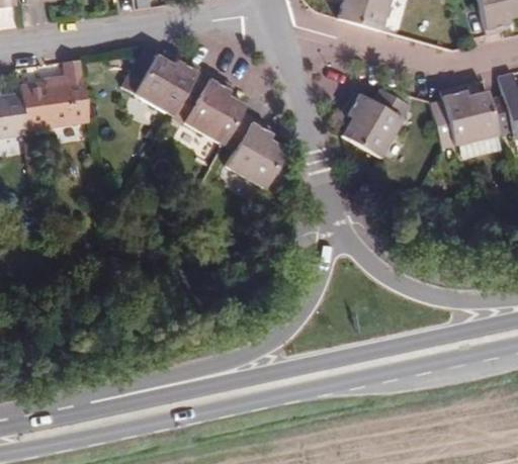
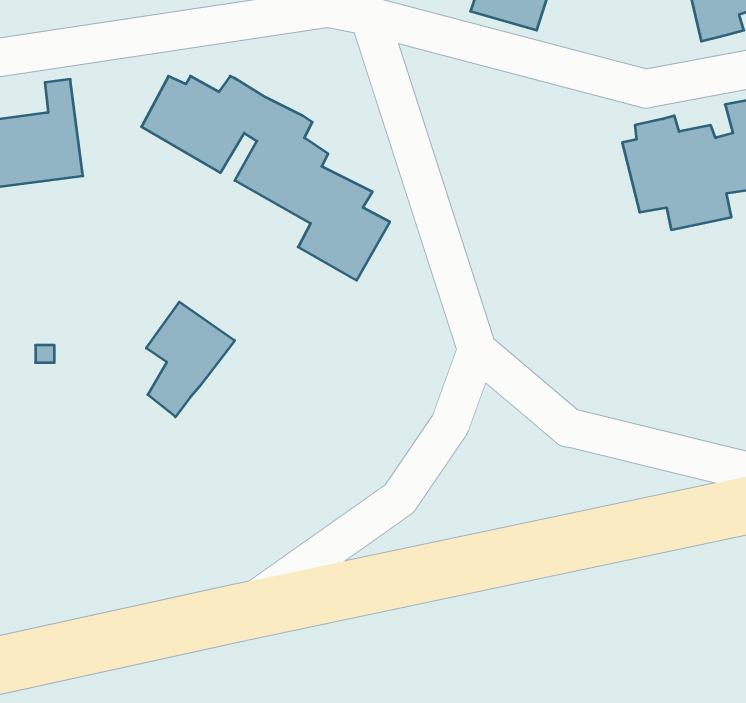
building: [344,84,414,153] -> none
building: none -> [146,302,235,417]

